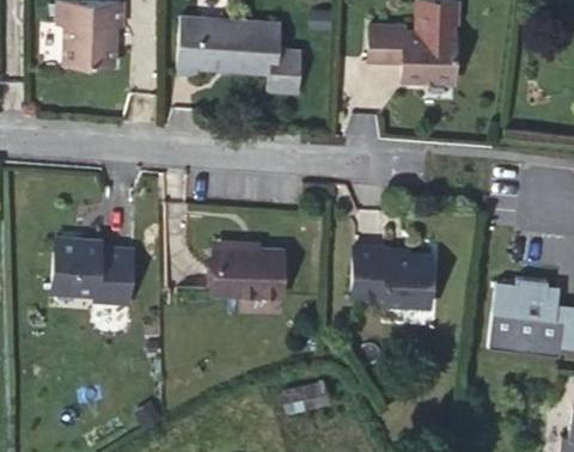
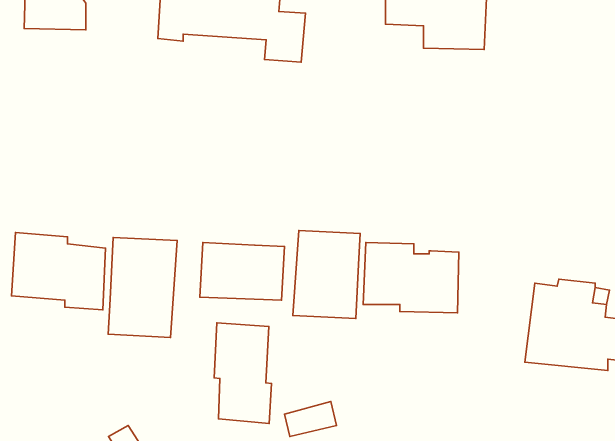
building: none -> [293,230,360,319]
building: none -> [108,237,177,337]
building: none -> [214,323,272,424]

